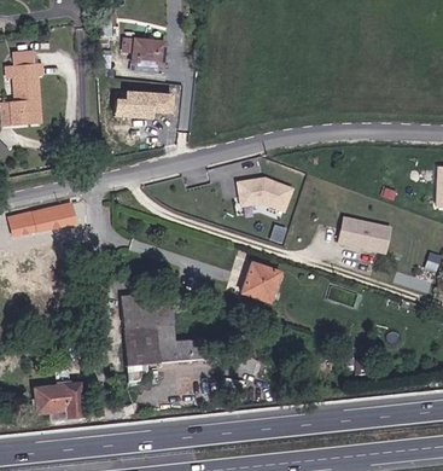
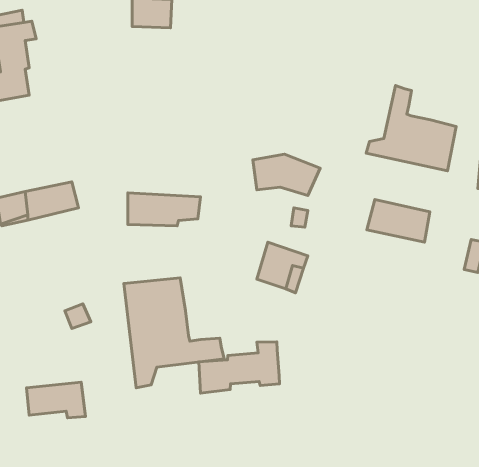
building: [110,92,174,121] -> [128,193,201,226]
building: none -> [366,86,456,171]
building: none -> [199,342,280,393]

